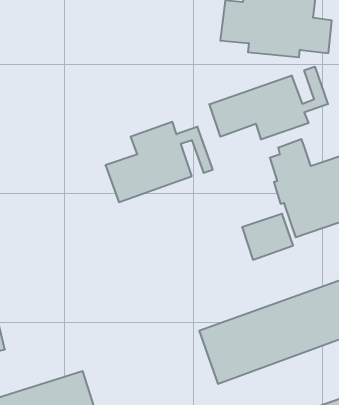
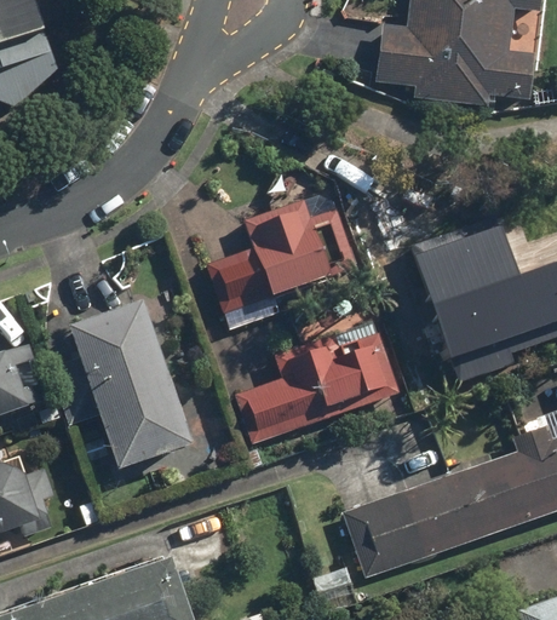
building: [209,67,328,140] -> none
building: none -> [69,303,193,476]
building: none -> [232,331,398,443]

